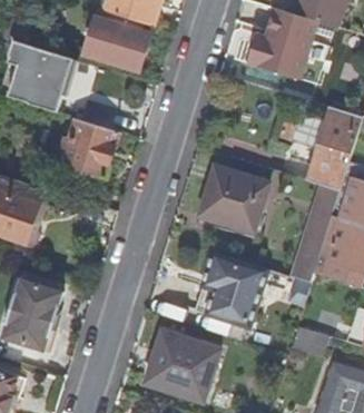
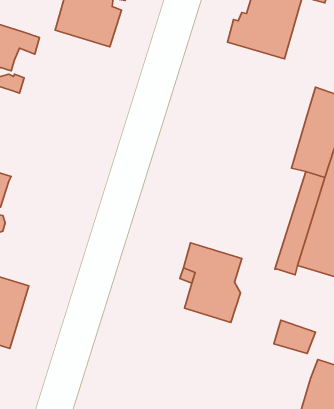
building: [60,118,118,178] -> none
building: [198,166,268,232] -> none
building: [150,332,220,402] -> none

